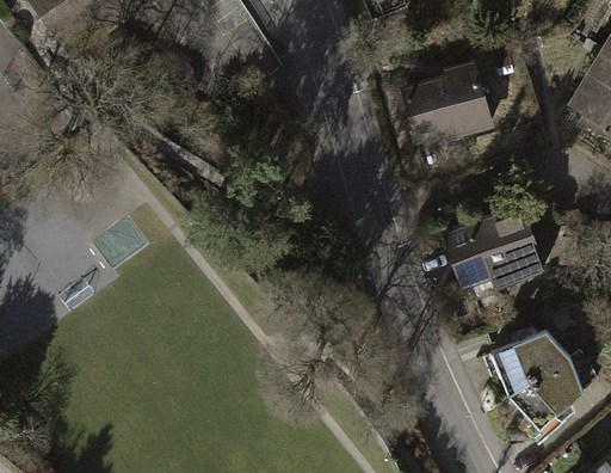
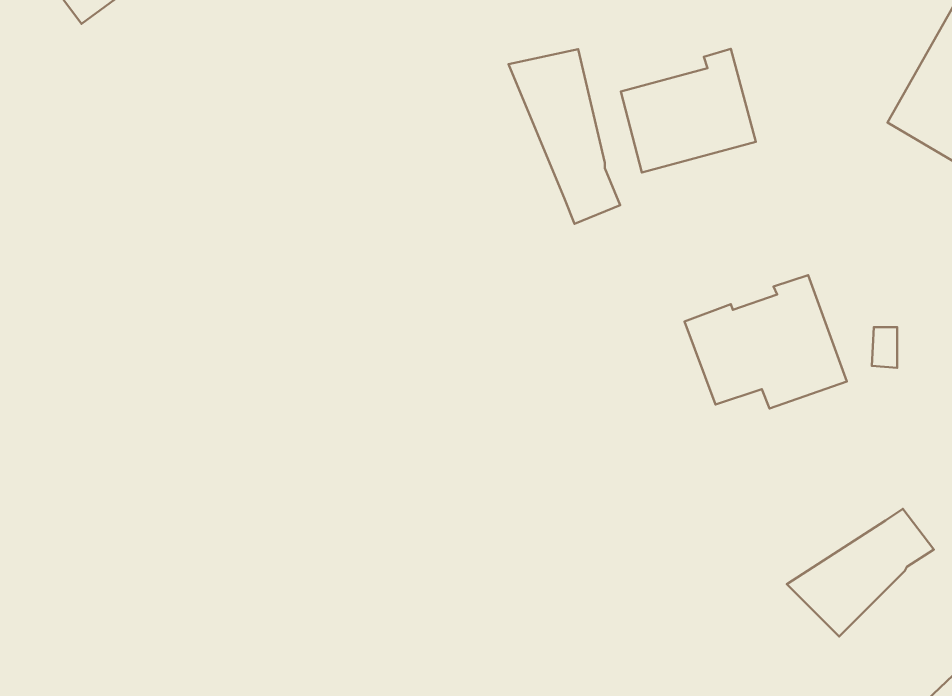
building: none -> [508,49,620,224]
building: [490,328,568,395] -> none

